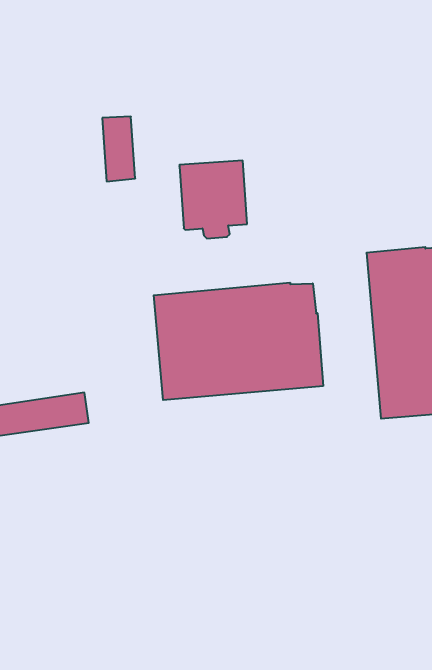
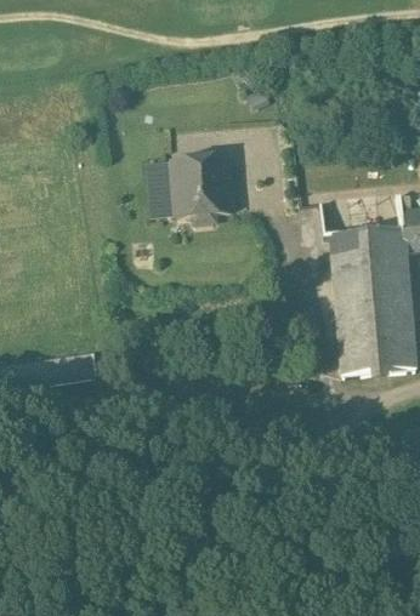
building: [102,117,135,181] -> [151,161,178,216]
building: [154,283,323,400] -> none

